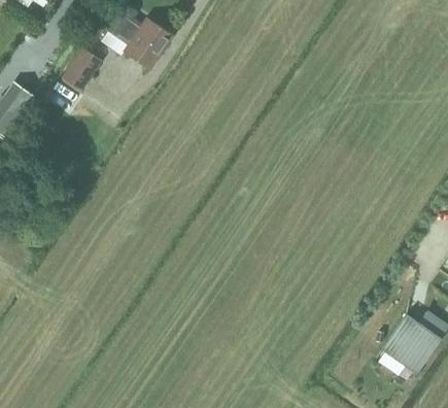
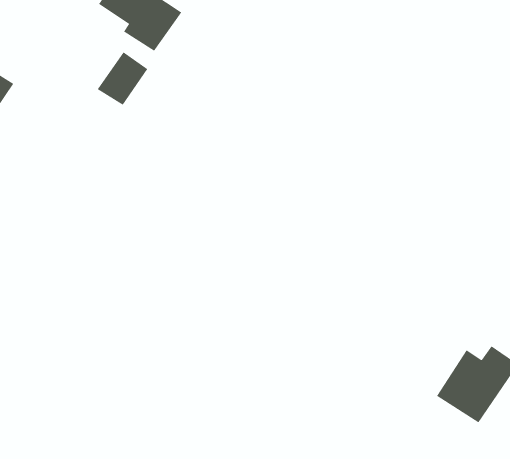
building: [61,46,103,91] -> [97,52,148,105]

